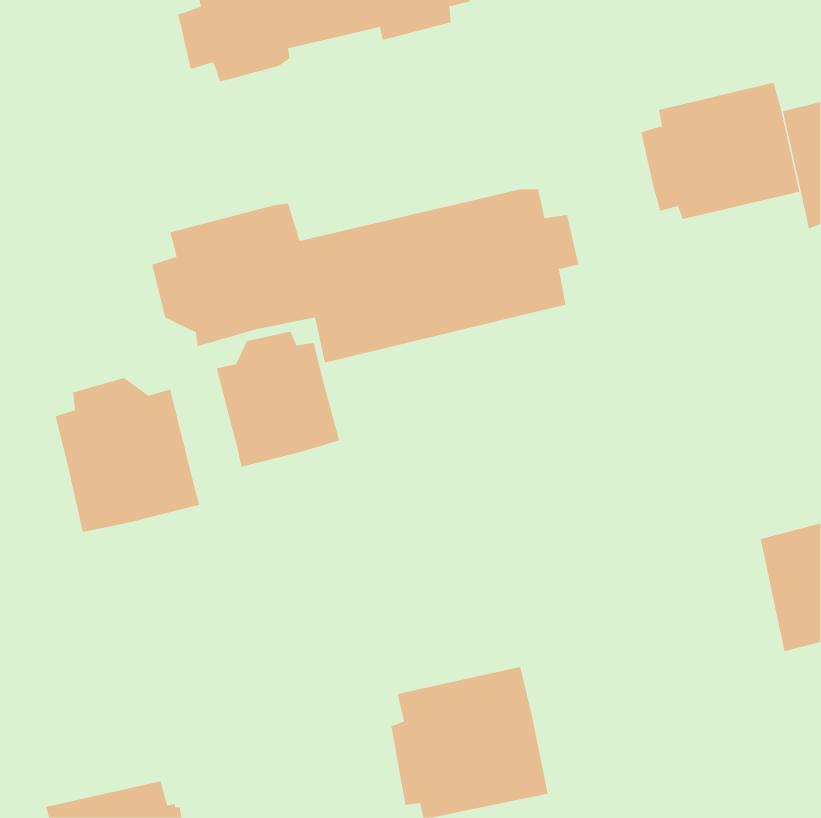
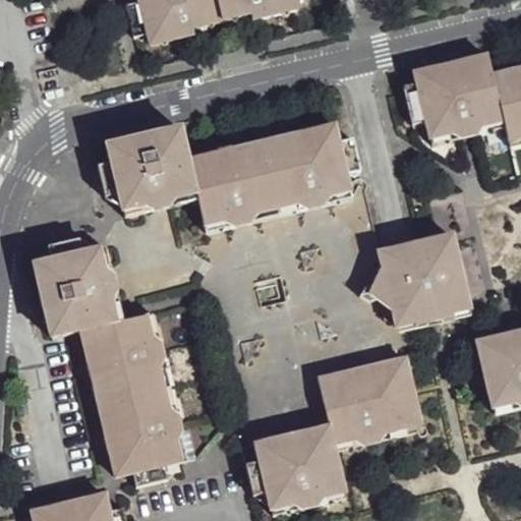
building: [216,331,340,467] -> none
building: none -> [381,231,472,321]
building: none -> [81,312,181,486]
building: none -> [321,358,423,450]

